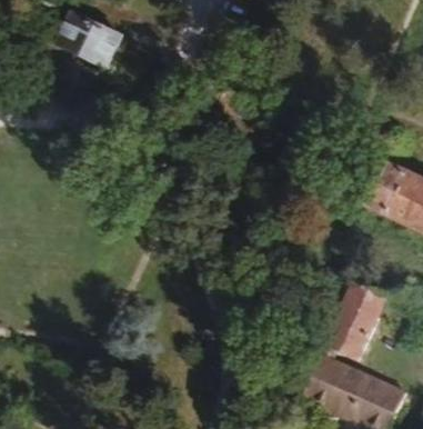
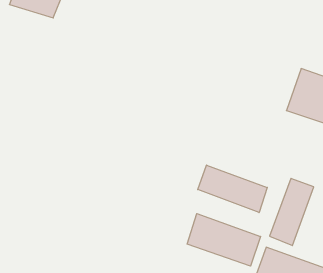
building: none -> [198,165,267,213]
building: none -> [187,214,261,266]

